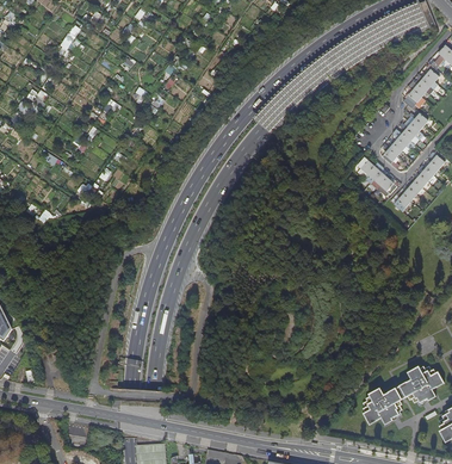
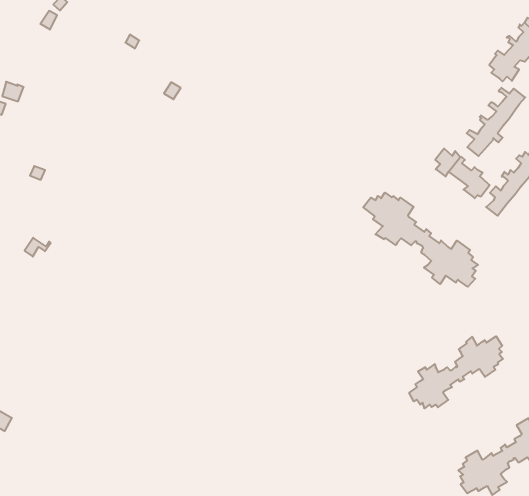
building: none -> [363,193,478,287]
building: none -> [409,336,503,408]

